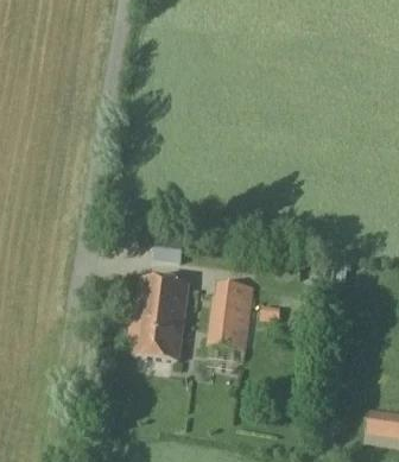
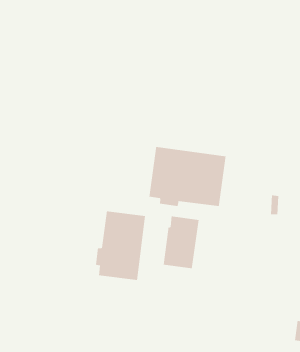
building: none -> [149,146,226,207]

